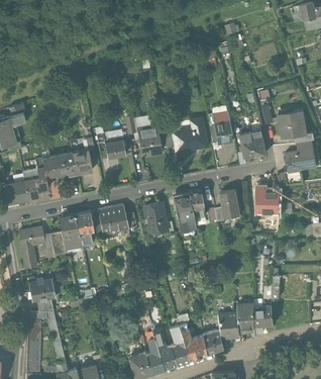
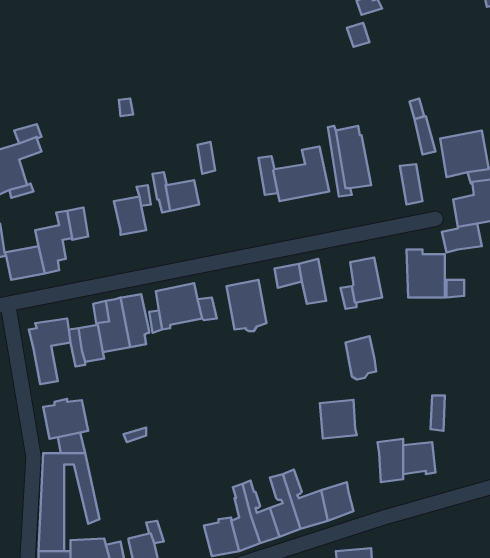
building: [137,127,163,158] -> none
building: [236,131,255,164] -> none
building: [52,154,76,176] -> none
building: [175,204,194,231] -> [346,336,376,380]
building: [217,312,240,337] -> [320,400,357,438]

